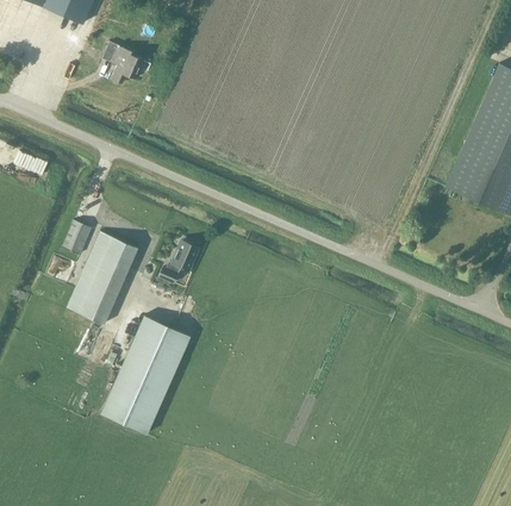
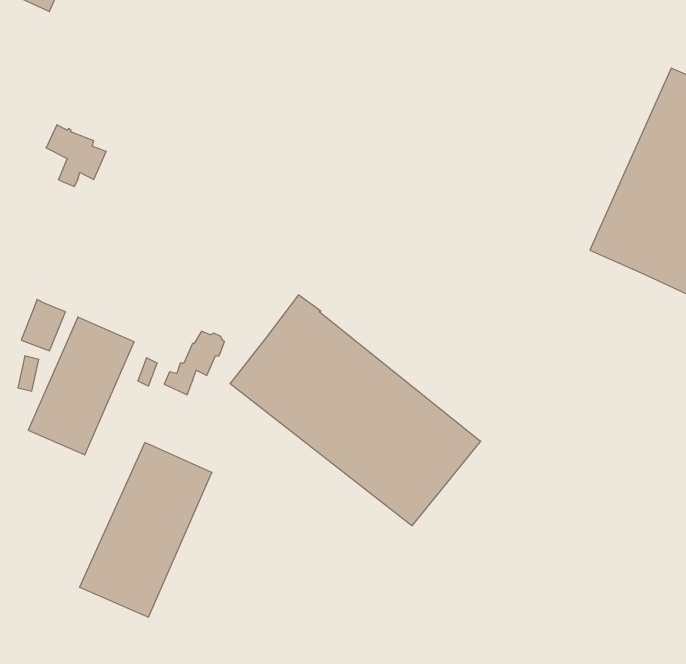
building: [102,42,143,83] -> [46,125,106,187]
building: none -> [230,295,481,526]

